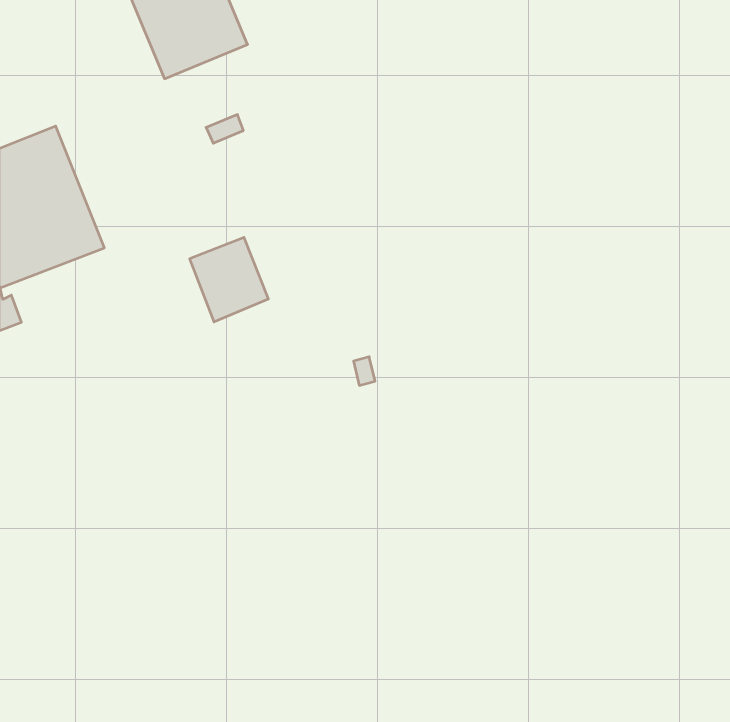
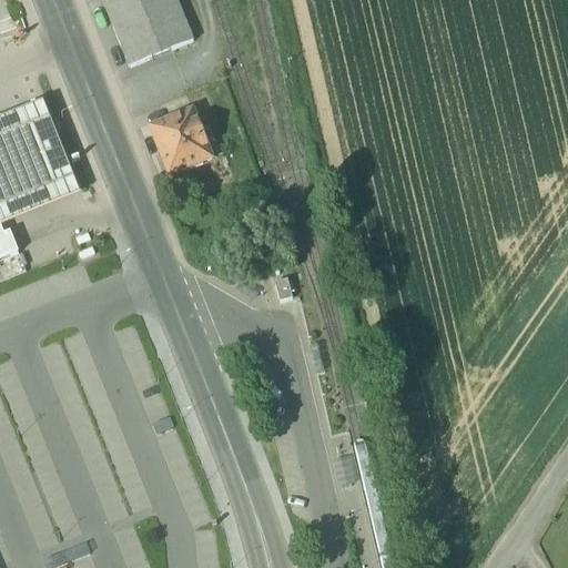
building: [190,237,268,322] -> [150,106,211,172]

